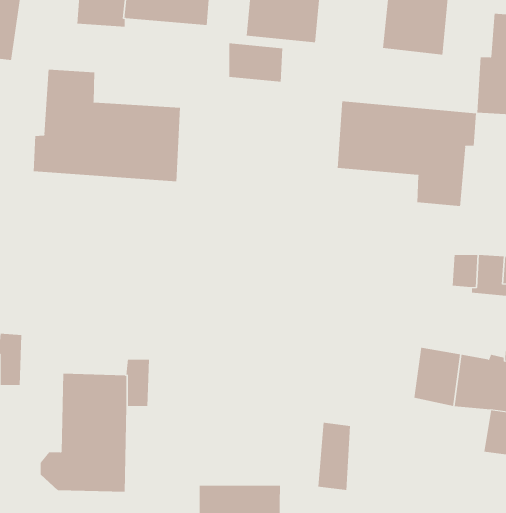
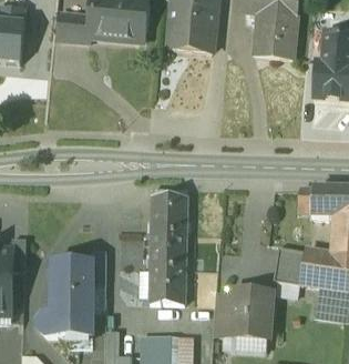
building: [229,43,283,83] -> none
building: [33,69,180,182] -> none
building: [337,100,476,207] -> none
building: none -> [148,194,185,303]
building: none -> [232,287,270,337]

